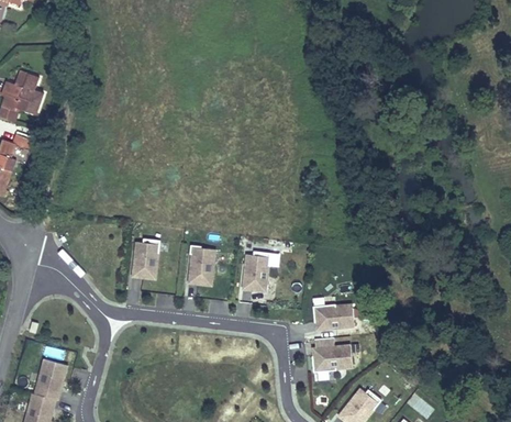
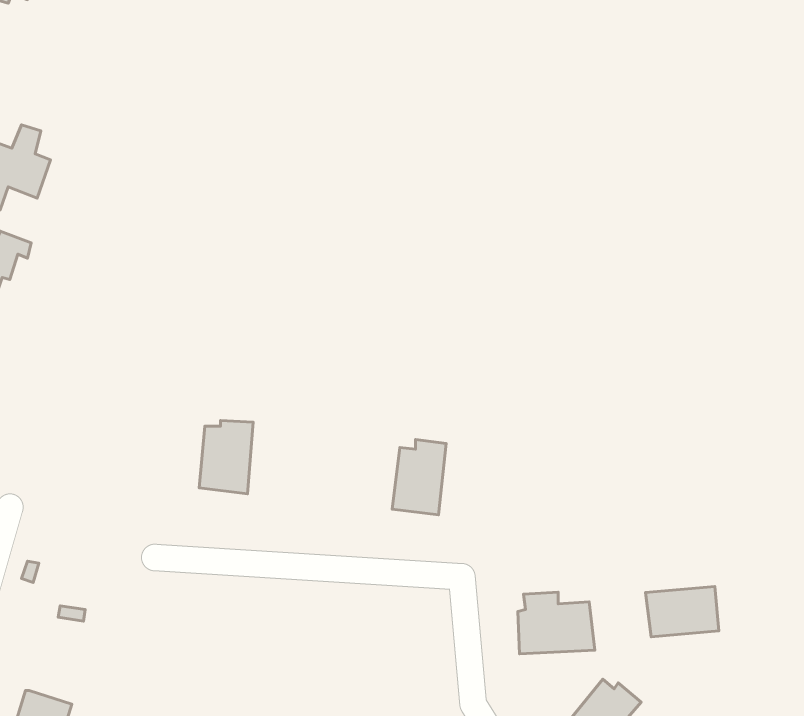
building: [187,241,216,288] -> none
building: [312,304,354,333] -> [645,587,719,637]
building: [32,359,68,402] -> none

